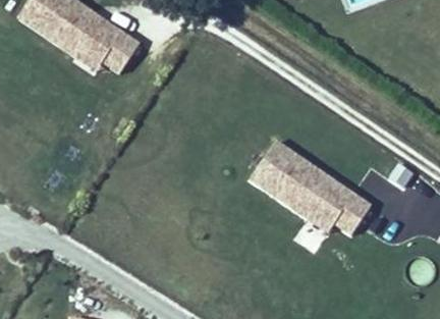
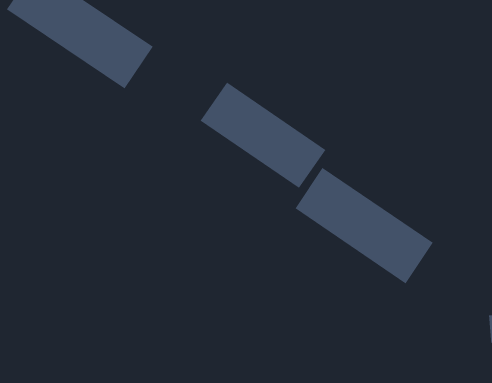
building: none -> [200,82,327,189]

